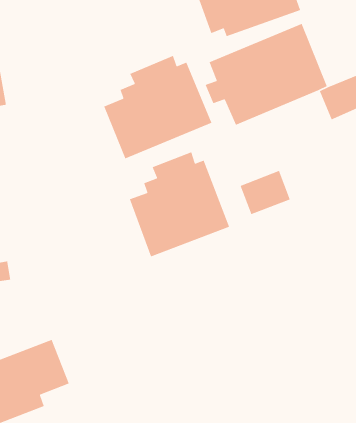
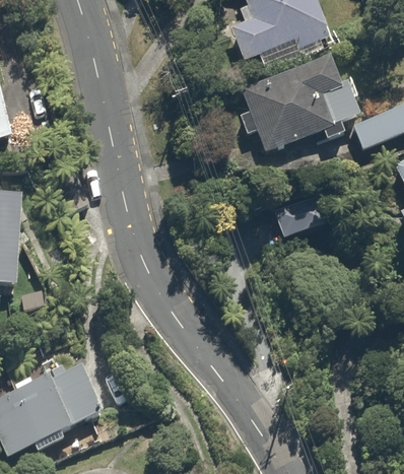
building: [103,55,212,160] -> none
building: [129,151,230,258] -> none

